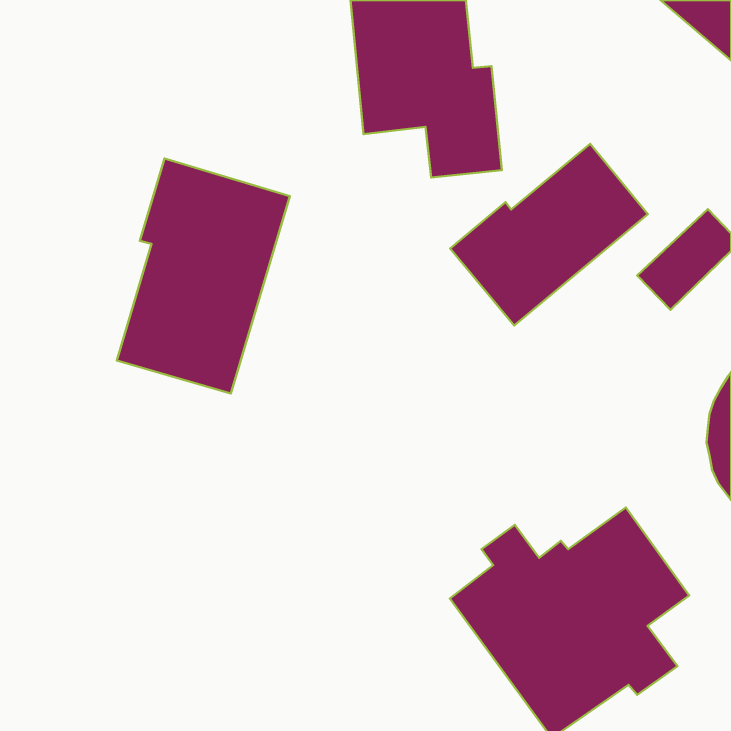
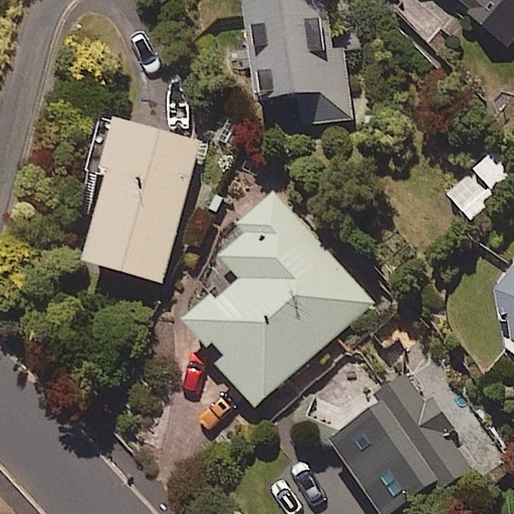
building: [450,144,648,325] -> none
building: none -> [184,194,369,402]

